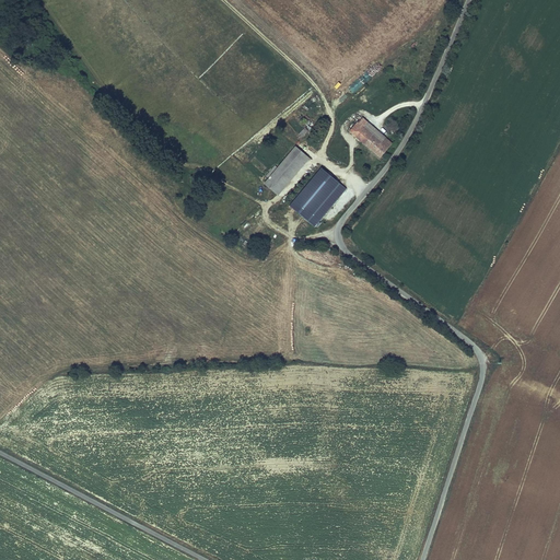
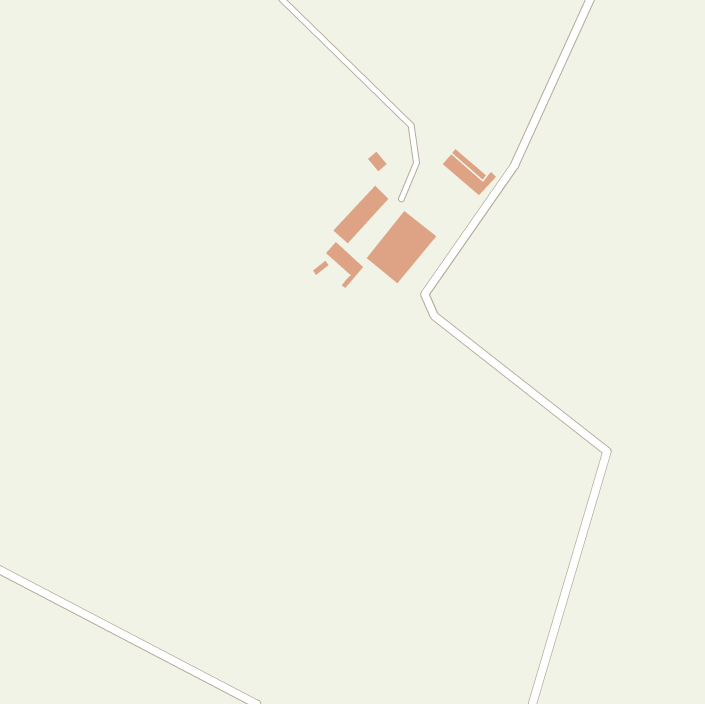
building: none -> [325,241,364,289]

